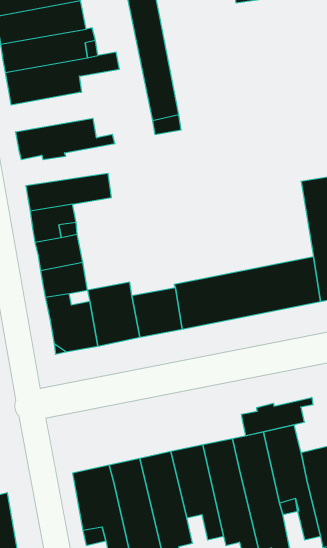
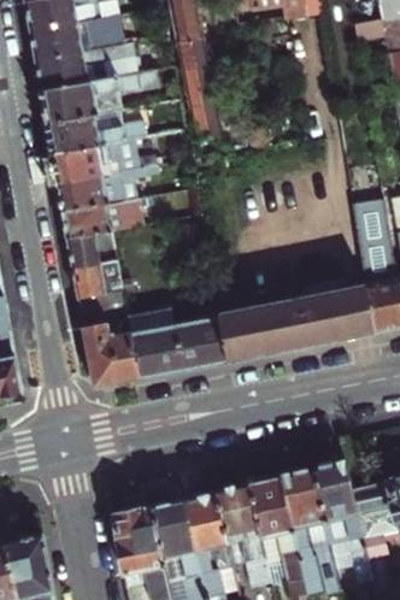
building: none -> [47,111,147,153]
building: none -> [58,165,158,210]
building: [242,397,313,436] -> none

